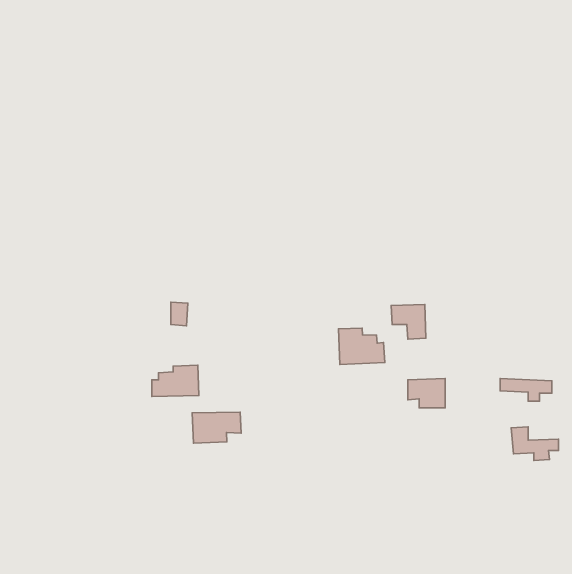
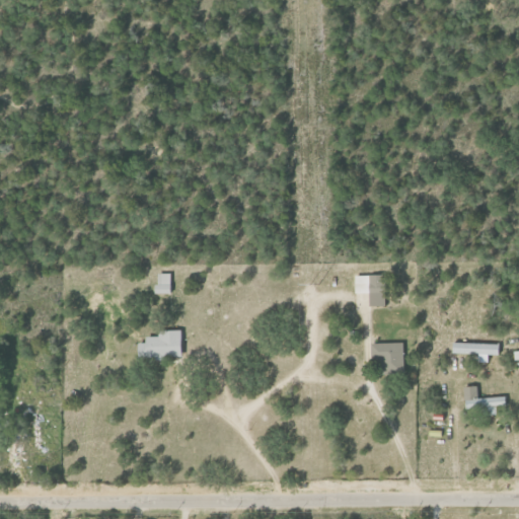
building: [339,328,385,365] -> none
building: [192,412,241,443] -> none

